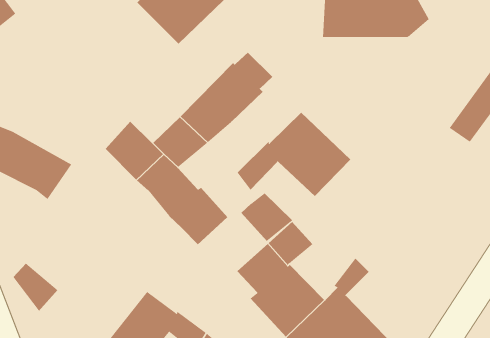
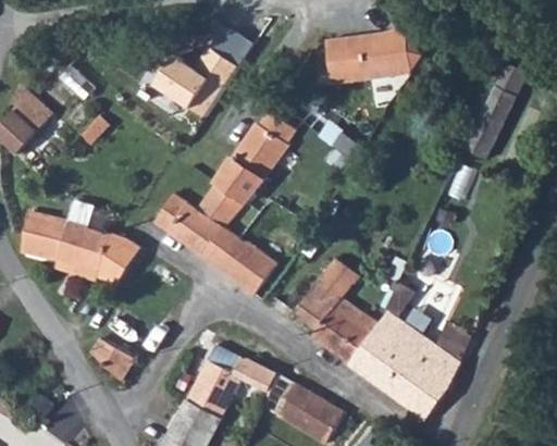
building: [237,112,351,197] -> none
building: [240,192,293,242] -> none

